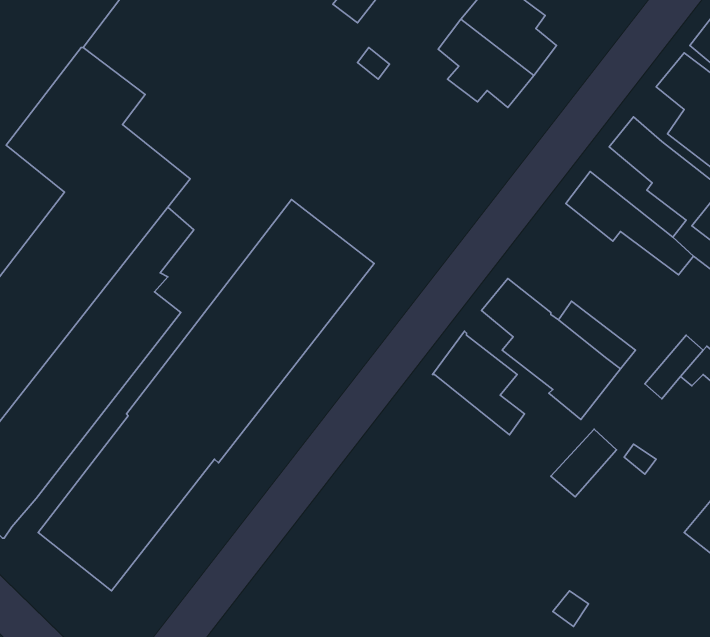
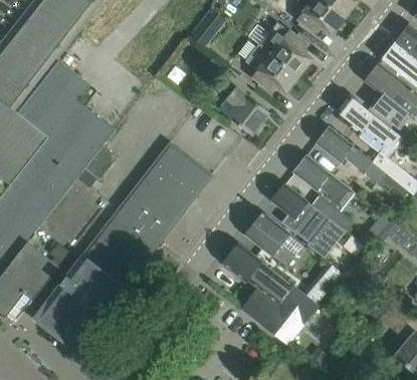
building: none -> [215,79,268,135]
building: none -> [291,155,353,206]
building: none -> [220,243,317,344]

